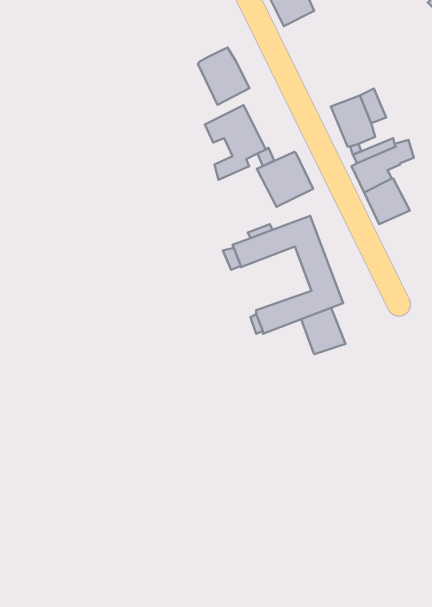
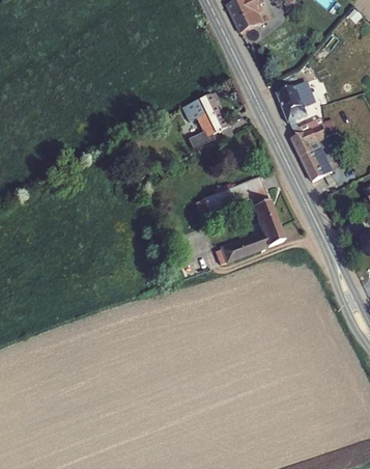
building: [198,48,249,105] -> none
building: [257,152,313,207] -> none
building: [301,308,346,354] -> none

